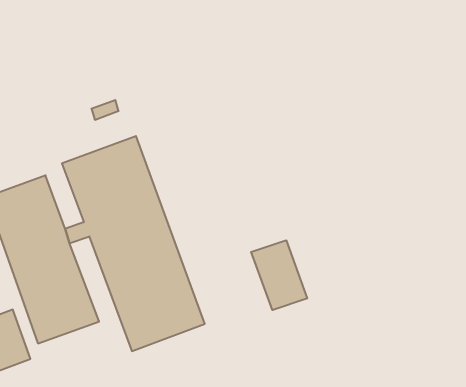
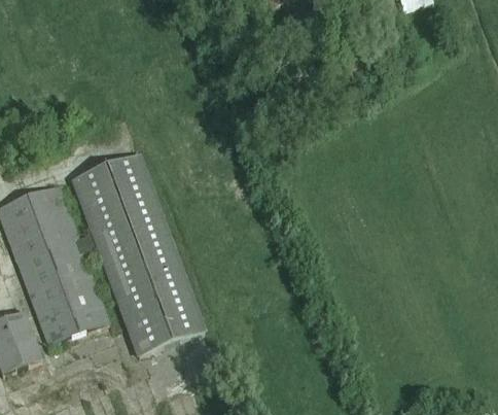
building: [251,240,307,310] -> none

